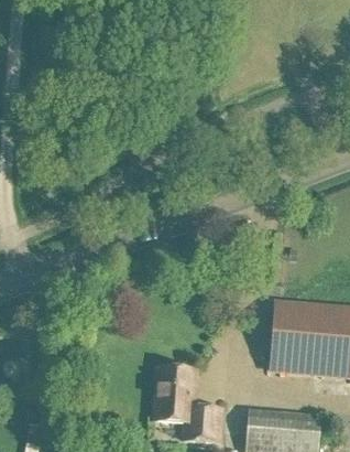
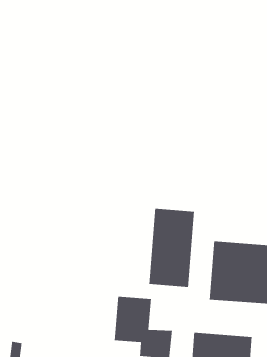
building: none -> [148,208,195,288]

